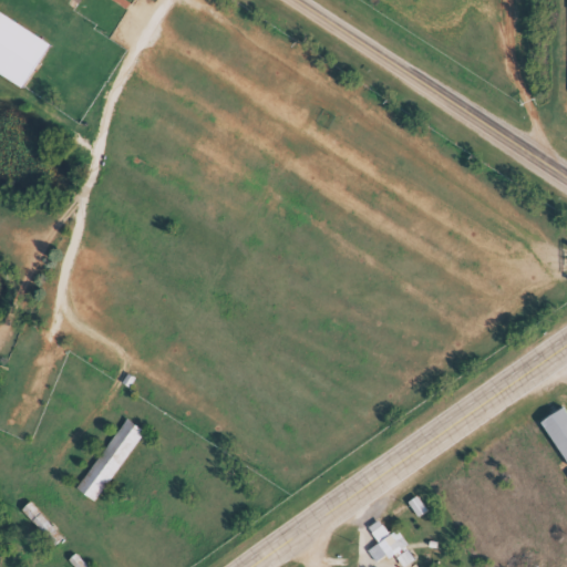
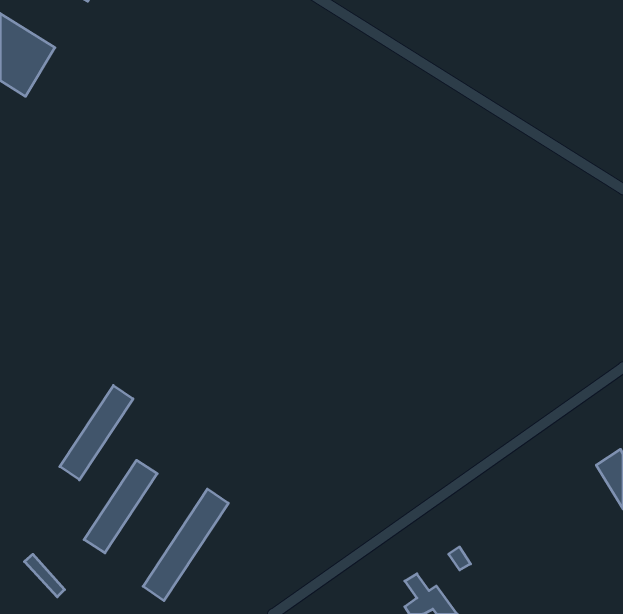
building: none -> [60,385,133,480]
building: none -> [143,489,228,601]

